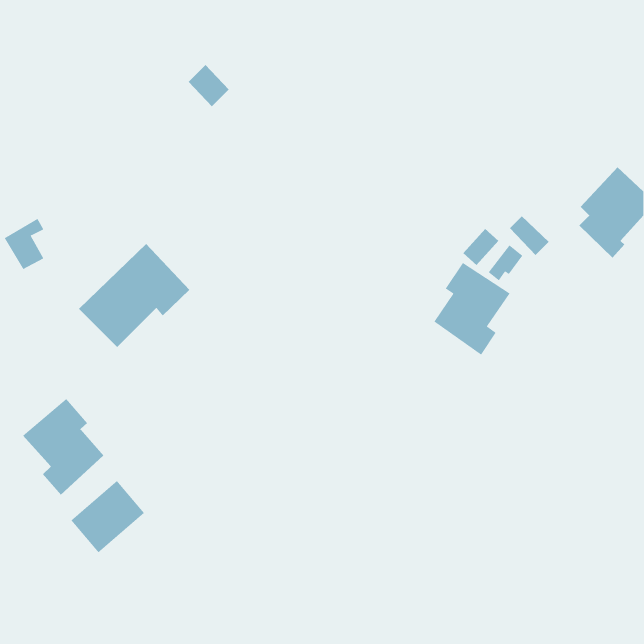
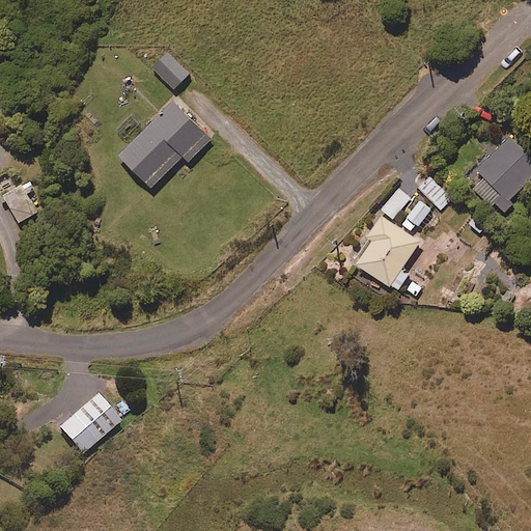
building: [78,243,190,348] -> [118,102,211,188]
building: [22,398,104,496] -> none

